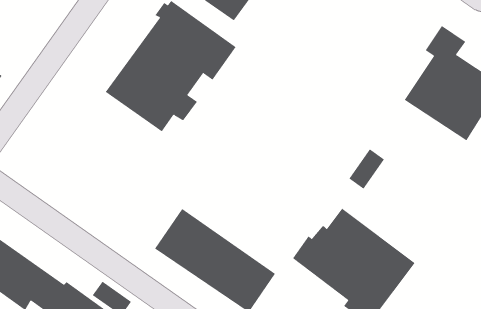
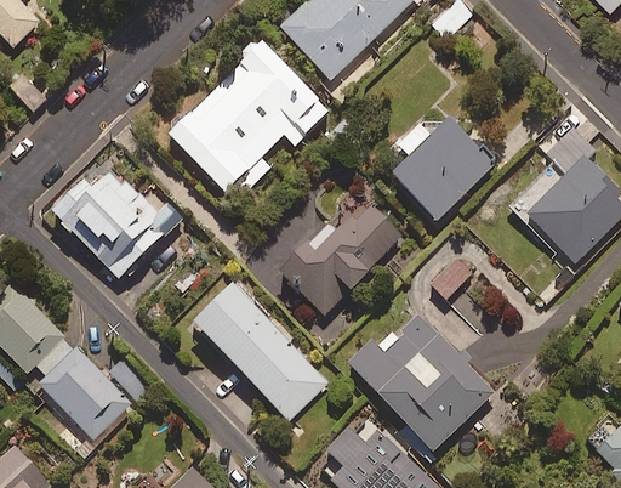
building: none -> [388,120,492,225]
building: none -> [278,204,401,316]
building: none -> [51,166,181,280]

